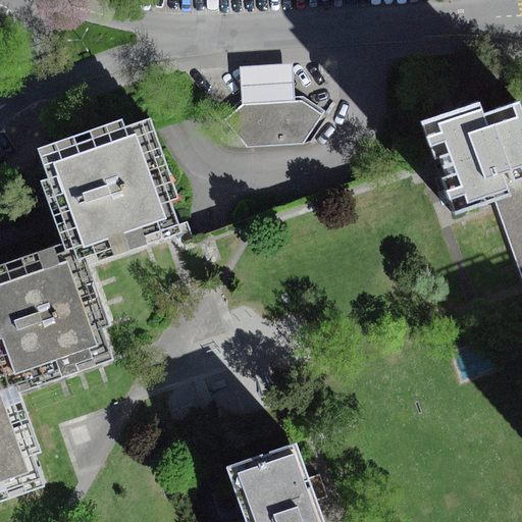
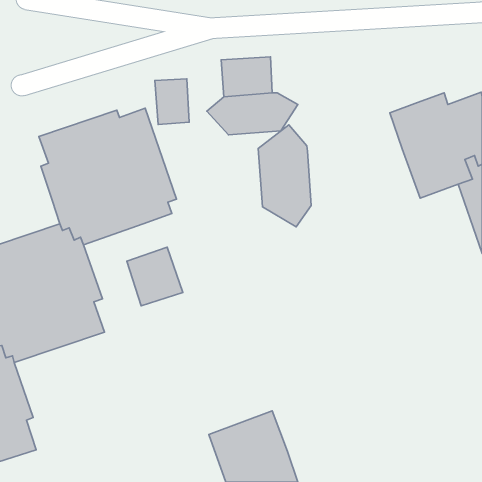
building: none -> [155,79,189,125]
building: none -> [258,125,311,227]
building: none -> [127,247,183,306]

